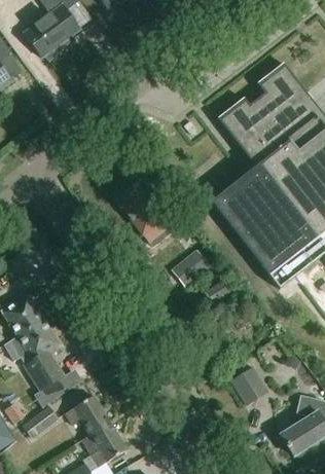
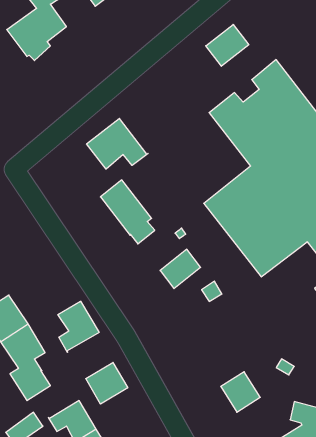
building: none -> [206,24,249,66]
building: none -> [87,118,148,169]
building: none -> [58,301,99,352]
building: none -> [86,362,128,404]

